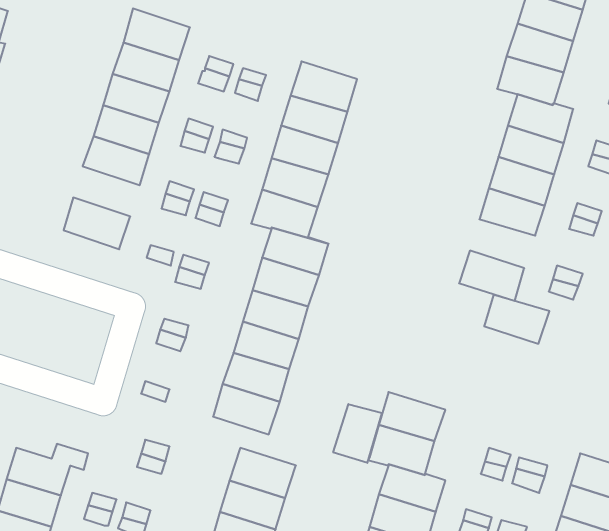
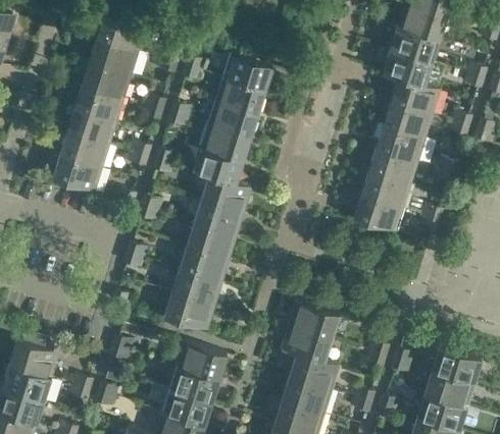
building: none -> [59,133,109,171]
building: [484,295,549,344] -> [357,173,406,210]
building: [333,404,382,463] -> none

